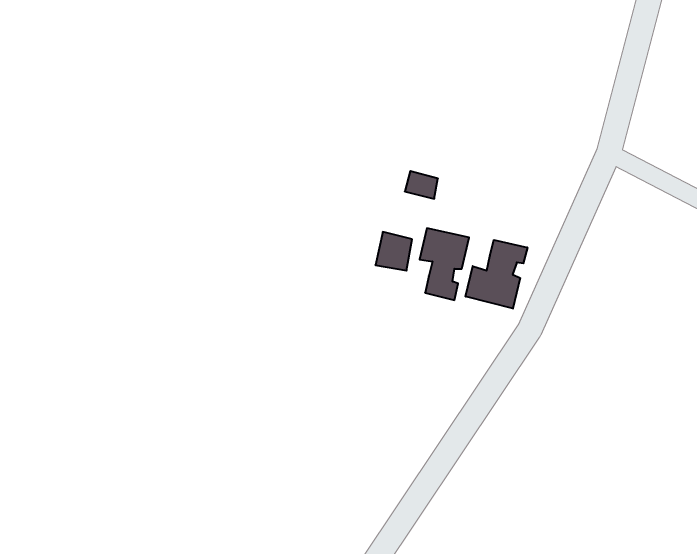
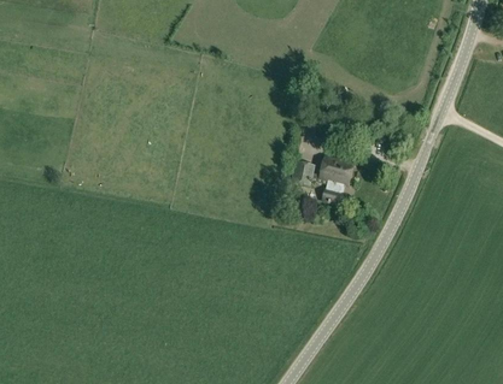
building: [466,240,527,309] -> none

